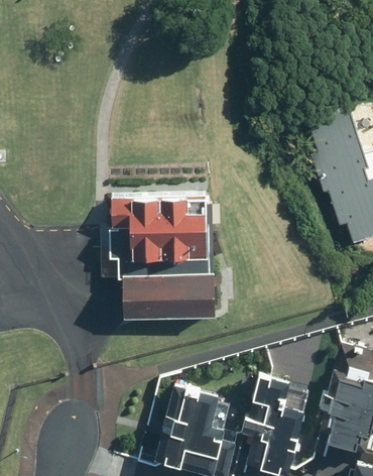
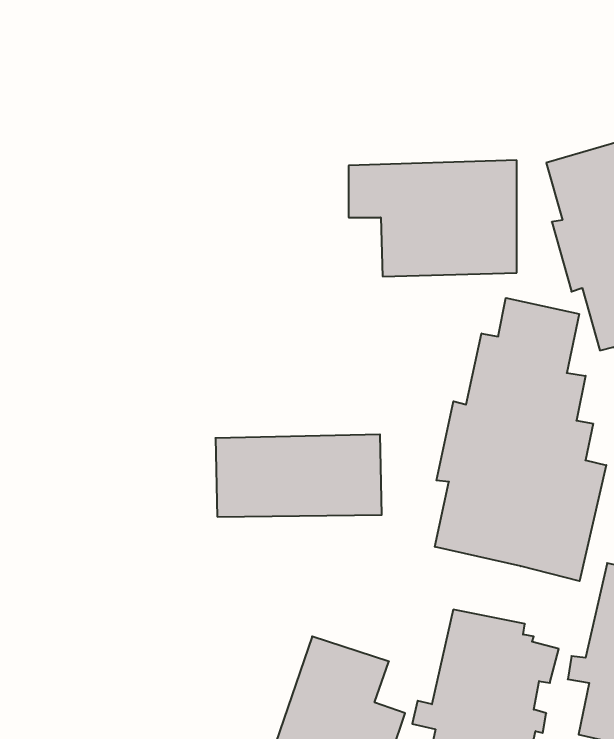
building: none -> [435,298,606,581]
building: [113,197,208,262] -> [349,160,517,276]

